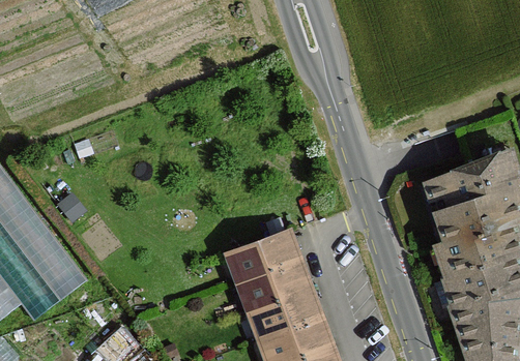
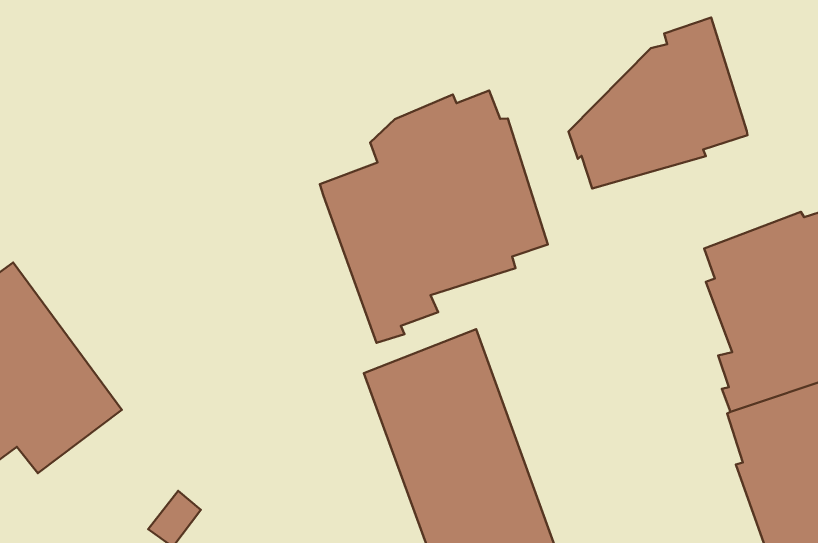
building: none -> [569,17,747,188]
building: none -> [320,90,548,343]

